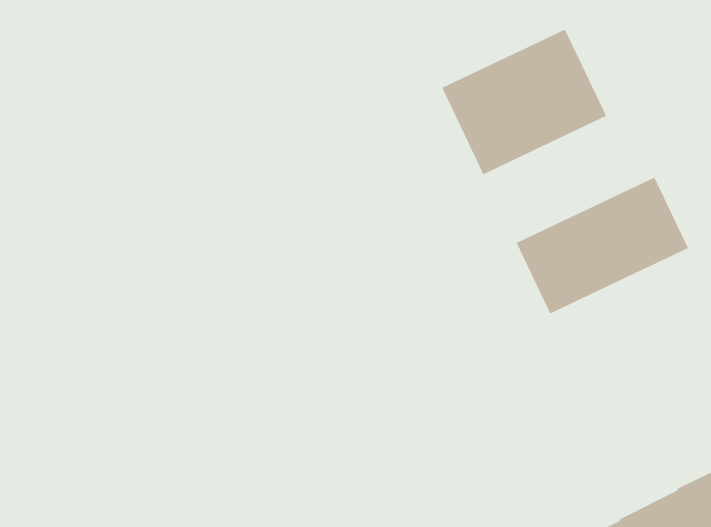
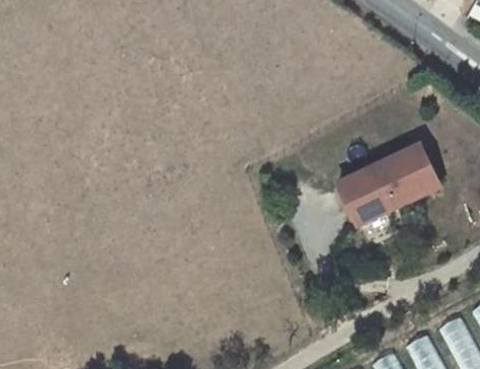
building: [442,29,607,175] -> none

